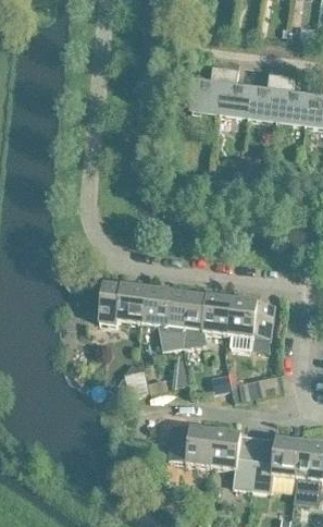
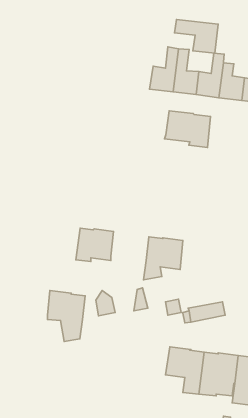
building: none -> [175,20,218,53]
building: none -> [165,111,211,147]
building: [144,287,190,351] -> [47,290,85,341]
building: [229,298,276,348] -> none
building: [170,426,216,465] -> none

